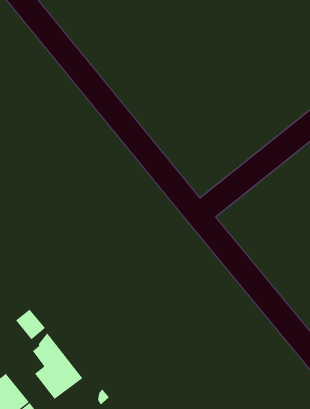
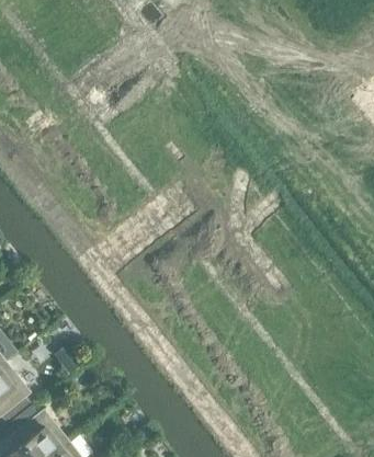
building: [30,333,83,402] -> none

